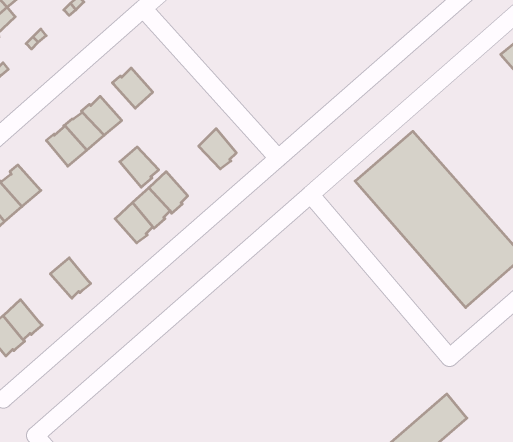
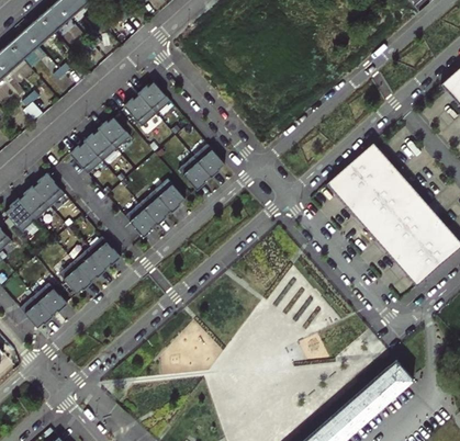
building: none -> [139,81,172,113]
building: [120,147,159,187] -> [181,157,213,190]
building: none -> [90,236,122,268]
building: none -> [60,261,92,293]

